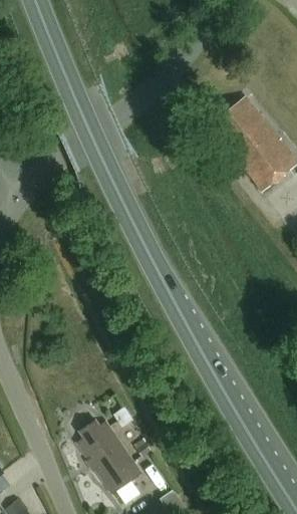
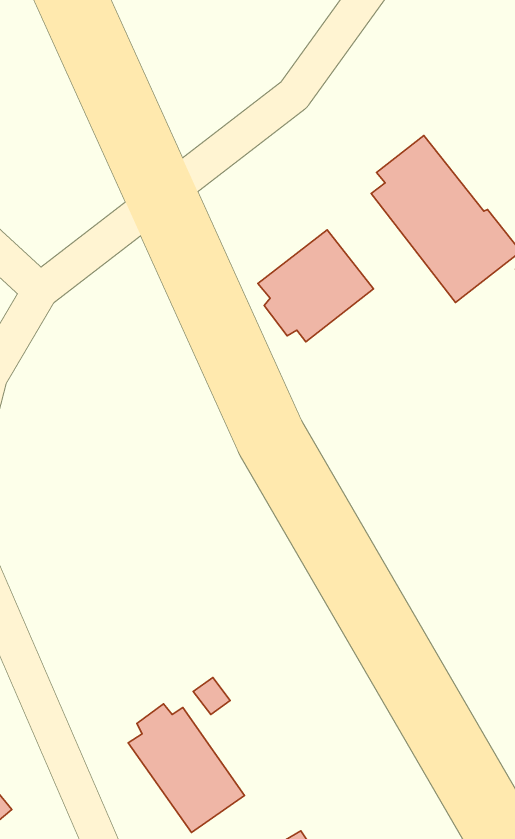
building: none -> [258,230,373,342]

